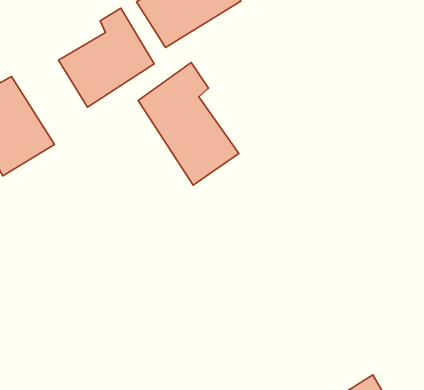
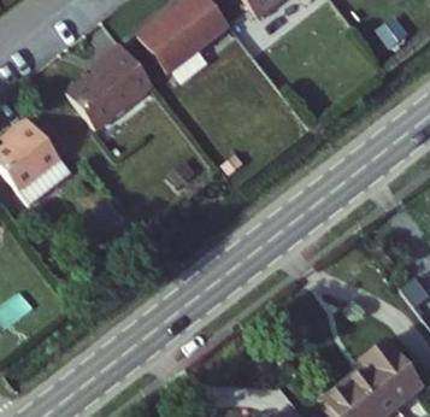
building: [138,63,239,185] -> none

